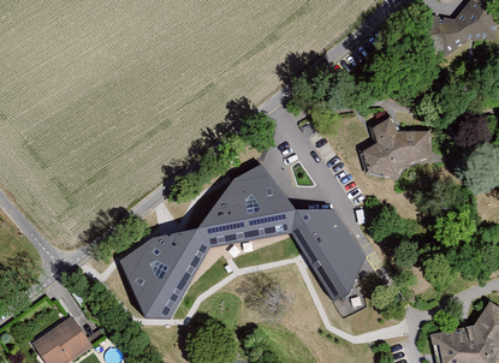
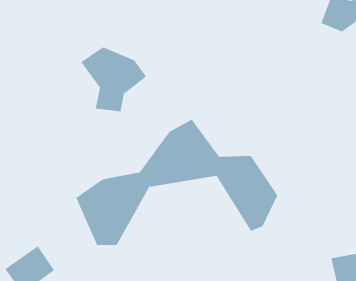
building: none -> [80,46,147,112]
building: [361,115,429,178] -> none

